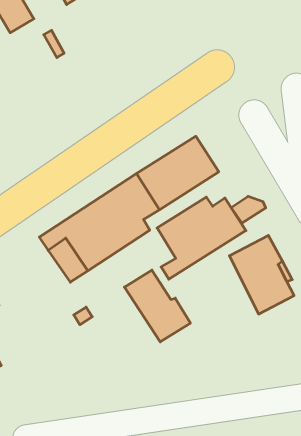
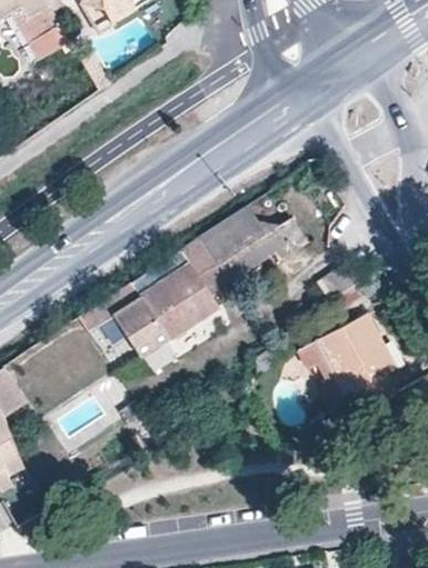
building: [157,197,246,279] -> none
building: [124,270,190,342] -> none

